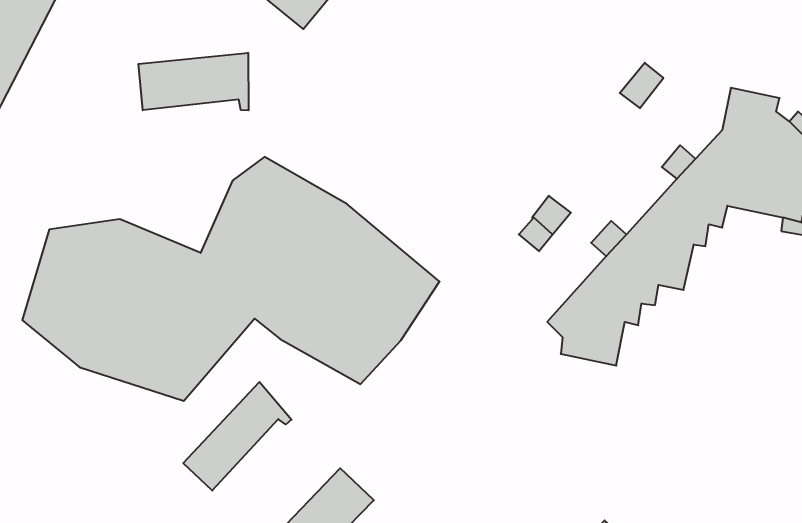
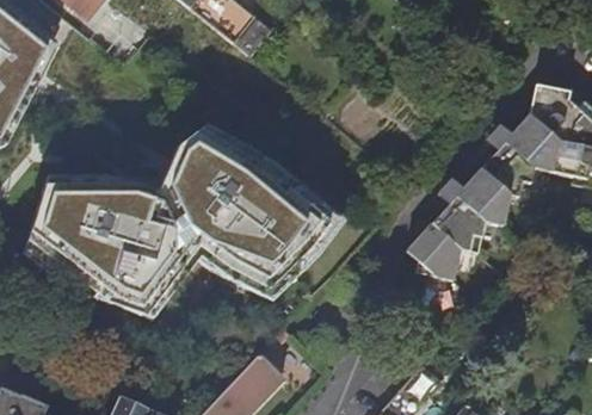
building: [138,53,249,110] -> none
building: [183,382,292,491] -> none

